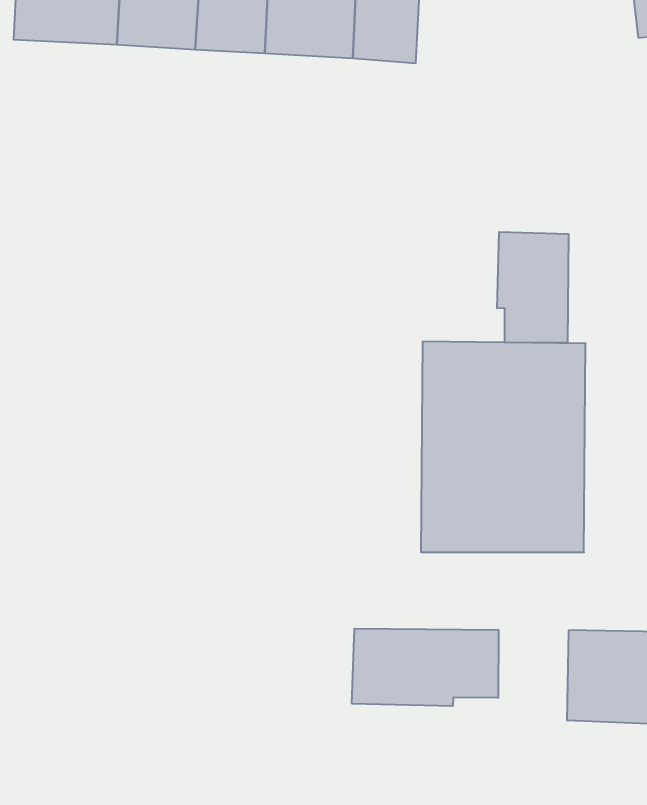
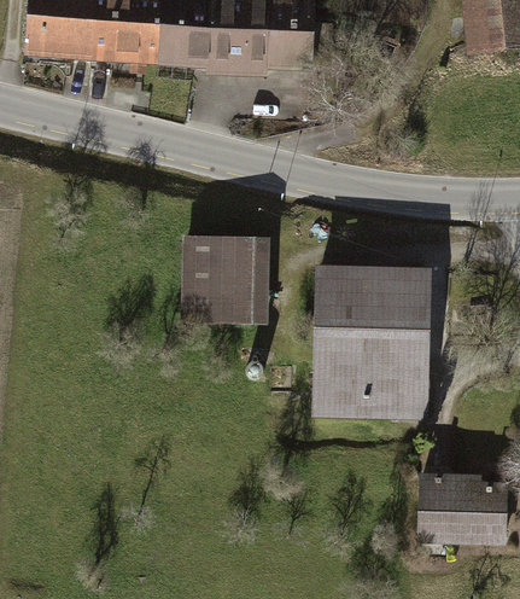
building: [497,232,568,343] -> none
building: none -> [183,238,269,325]
building: [352,629,498,706] -> none

